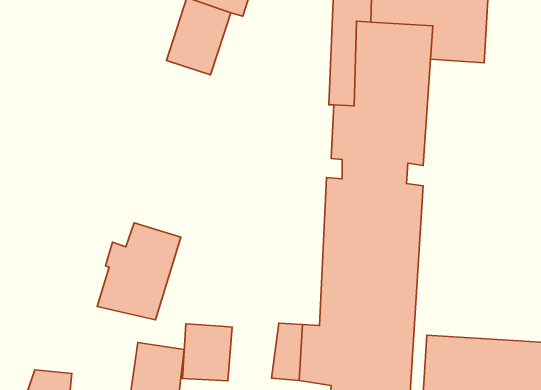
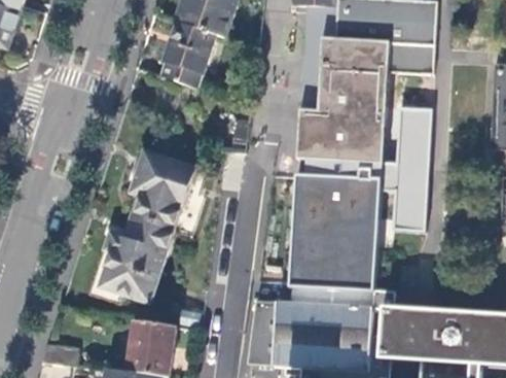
building: none -> [381,104,431,229]
building: none -> [132,148,196,229]
building: [182,324,232,381] -> none

